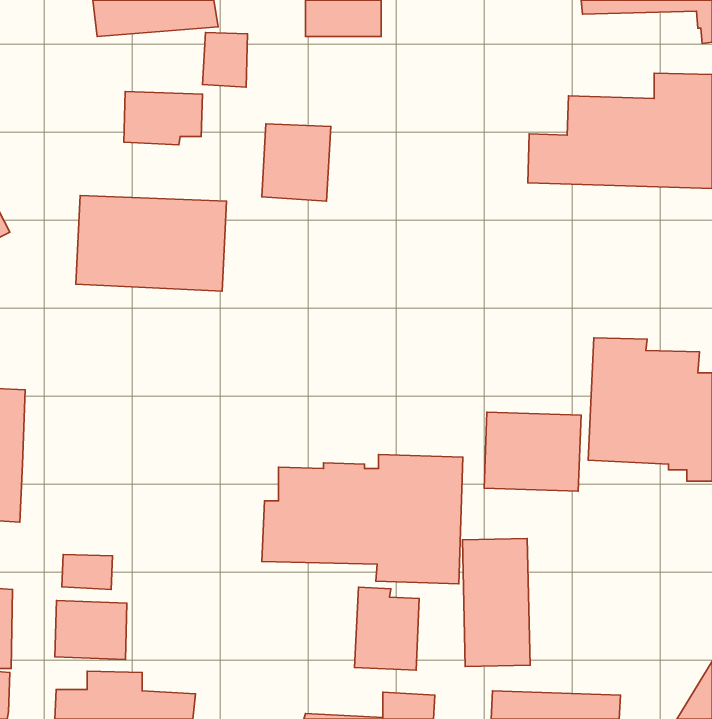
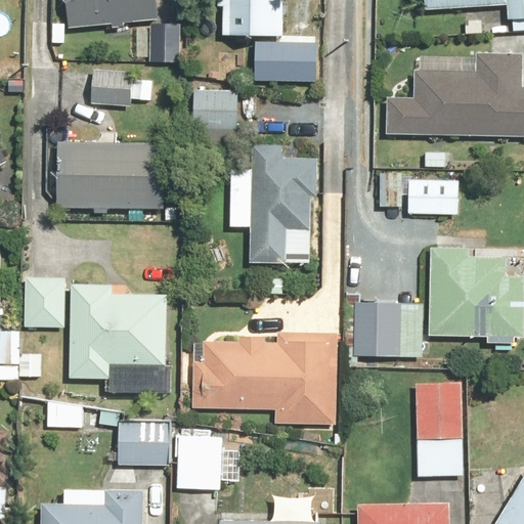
building: none -> [254,39,314,77]
building: none -> [228,144,313,264]
building: none -> [408,178,460,217]
building: none -> [24,278,169,395]
building: [462,538,530,666] -> [416,382,465,475]
building: [354,587,419,670] -> [174,430,221,490]
building: [55,601,127,660] -> [116,424,168,467]

